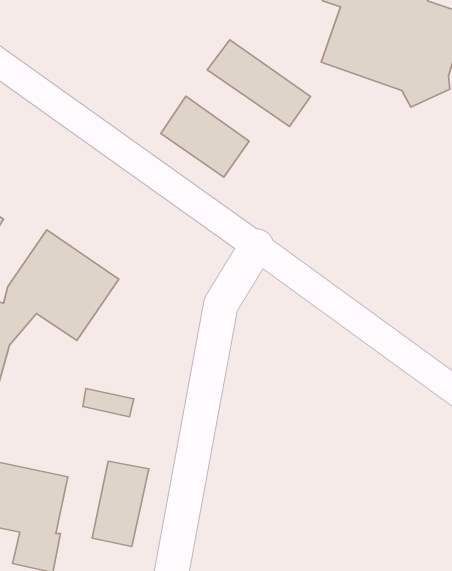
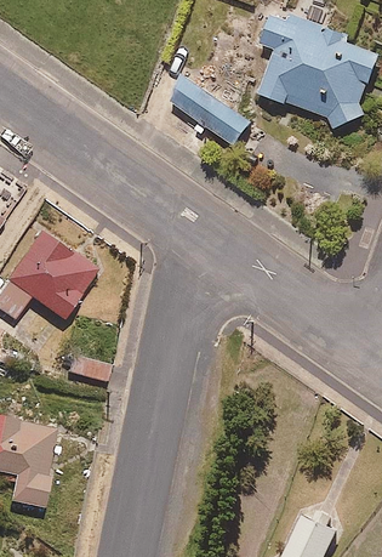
building: [161,96,249,177] -> none
building: [92,461,149,546] -> none

